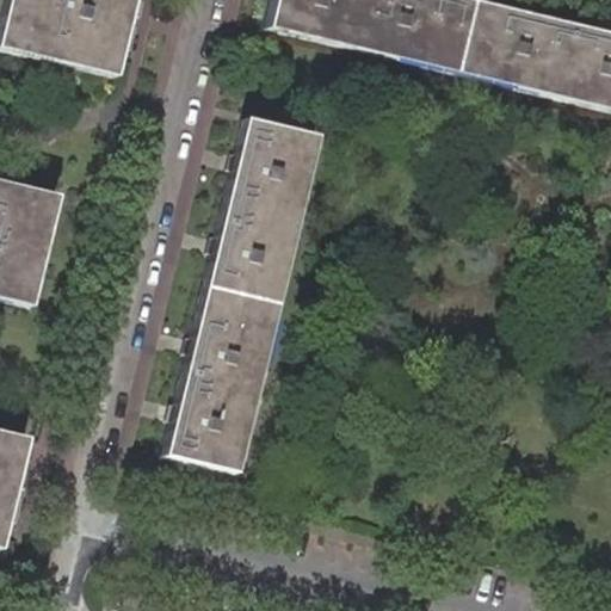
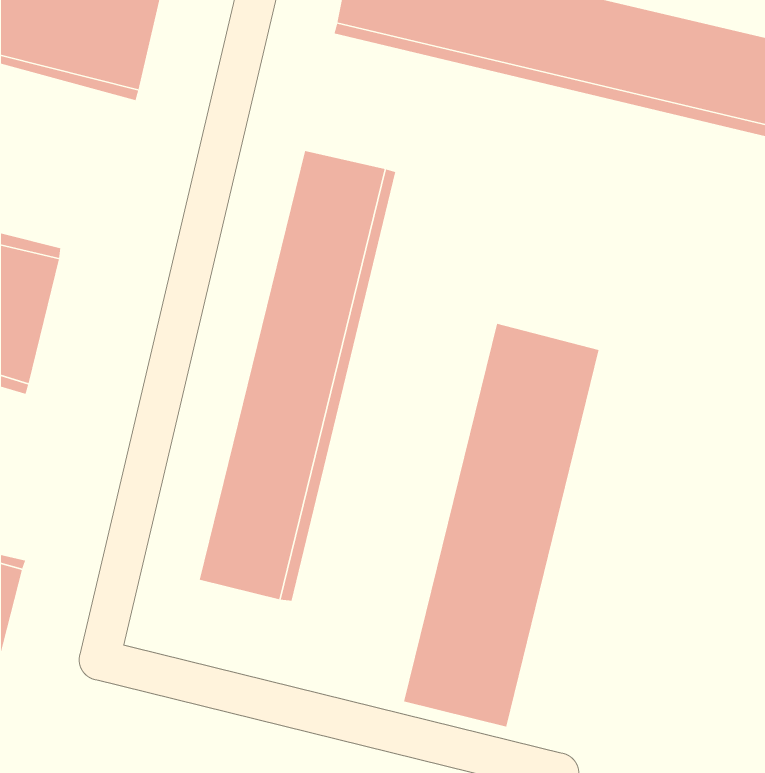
building: none -> [403,323,599,727]

